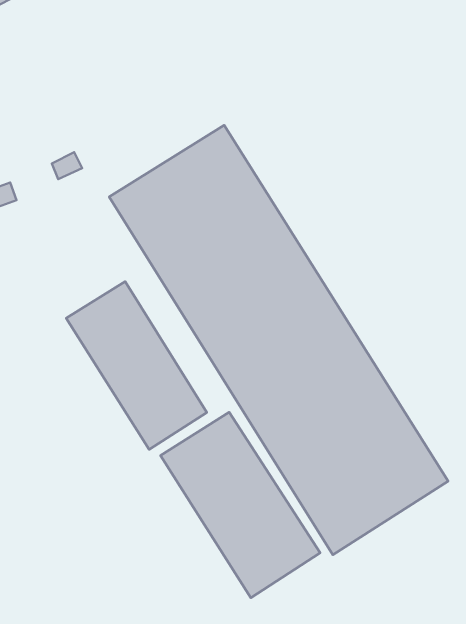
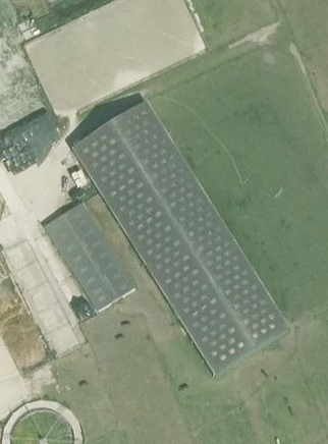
building: [161,412,320,598] -> none

